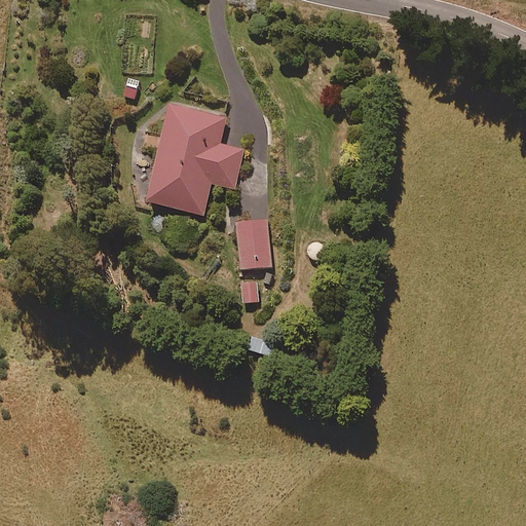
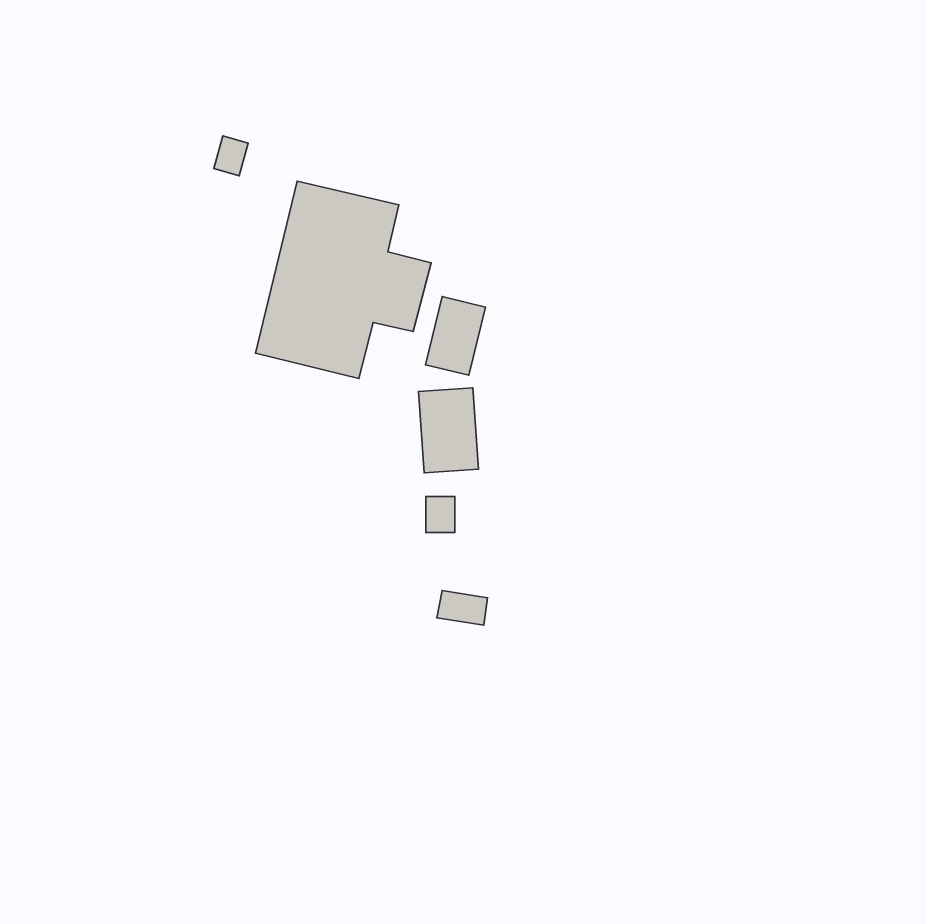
building: none -> [426,297,485,375]

